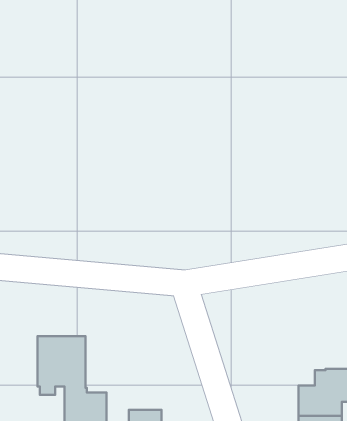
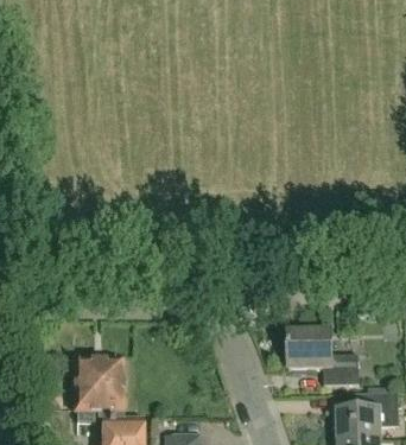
building: none -> [288,330,359,382]

